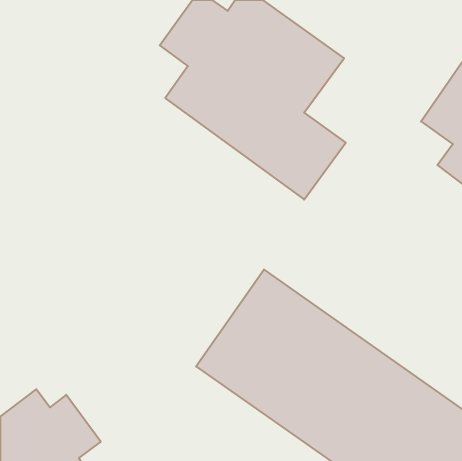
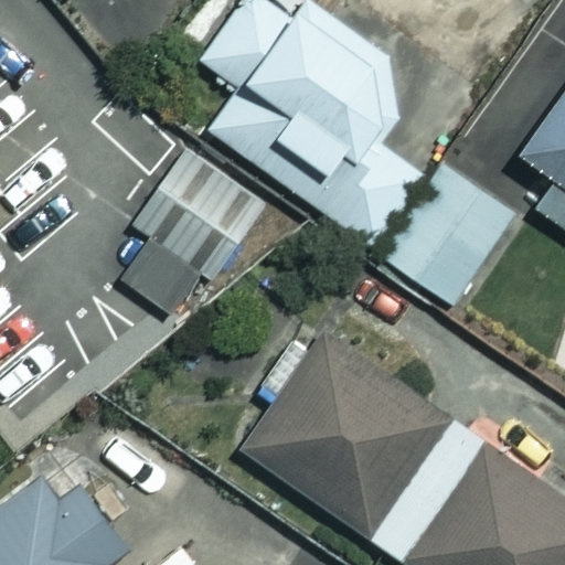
building: none -> [122,149,266,321]
building: none -> [381,168,512,303]

